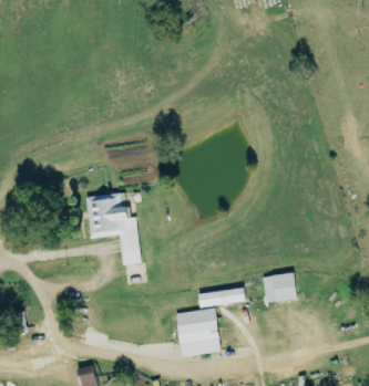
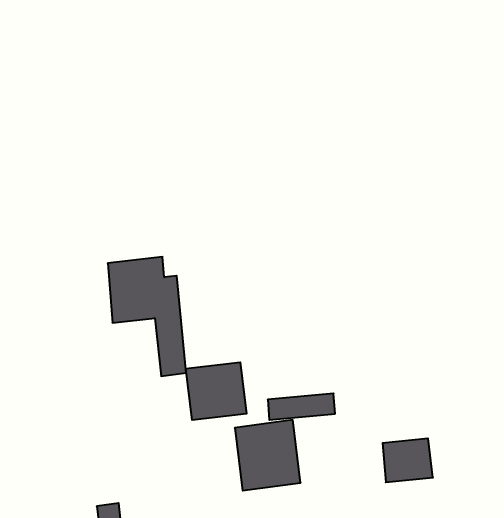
building: none -> [186,362,247,420]
building: [262,271,297,302] -> [383,438,433,482]

